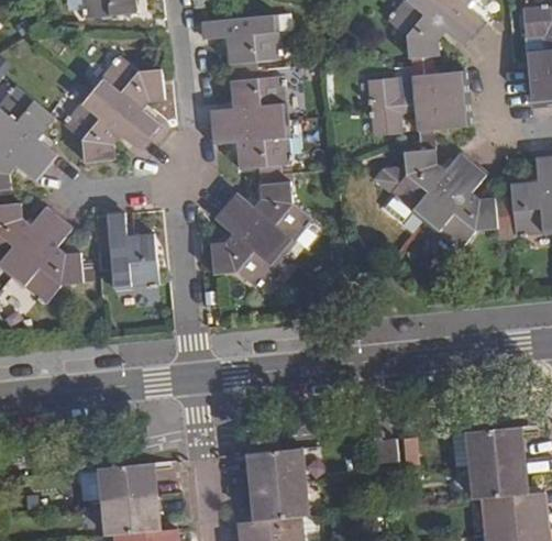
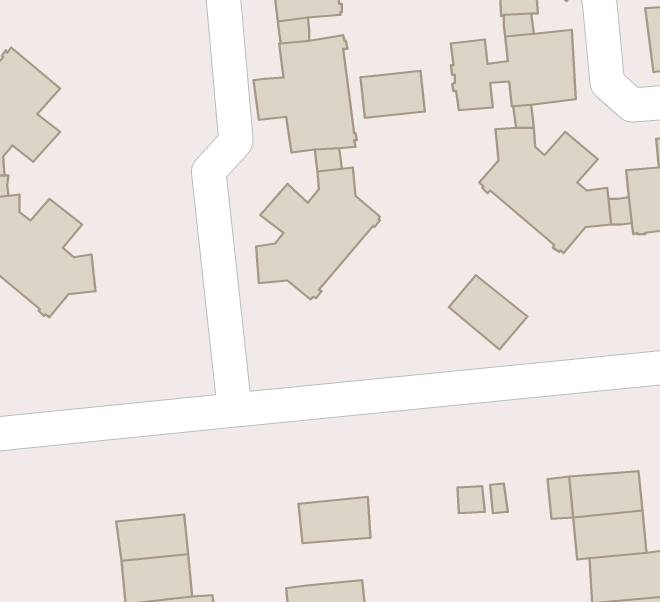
building: [63,56,165,159] -> none
building: none -> [361,71,425,118]
building: [106,212,157,289] -> none
building: none -> [449,275,527,350]
building: [249,481,308,519] -> none

